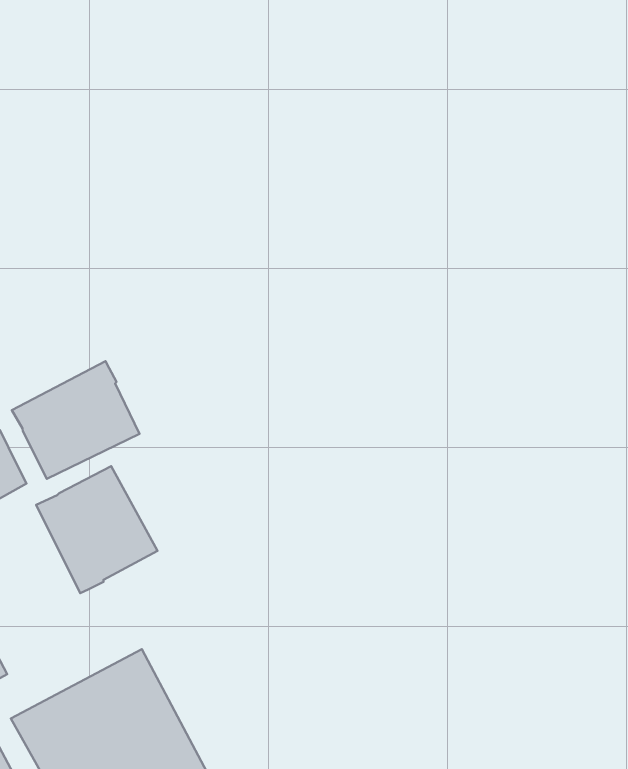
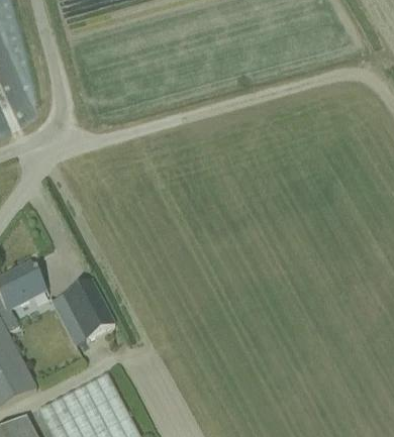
building: [12,361,140,479] -> none

